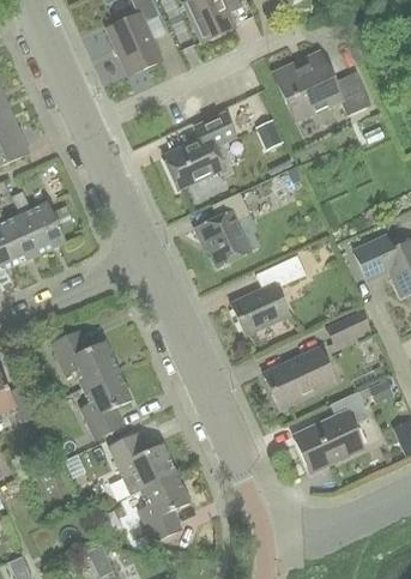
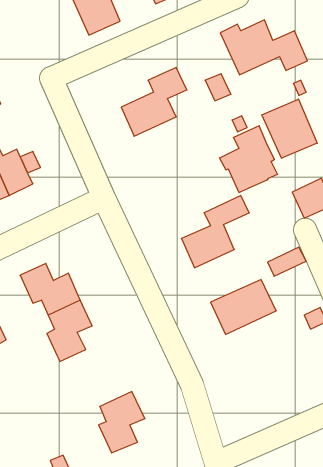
building: none -> [262,99,317,158]
building: [195,191,260,265] -> [219,126,278,193]
building: [296,390,369,469] -> none
building: [108,432,175,488] -> none

